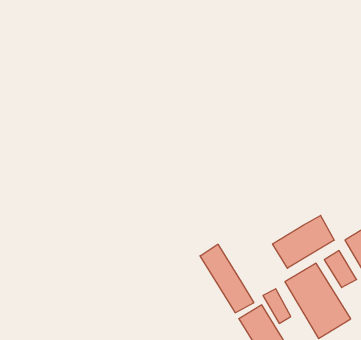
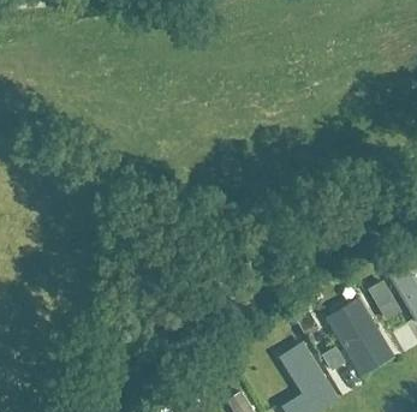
building: [273,215,334,268] -> none
building: [200,244,254,313] -> none

